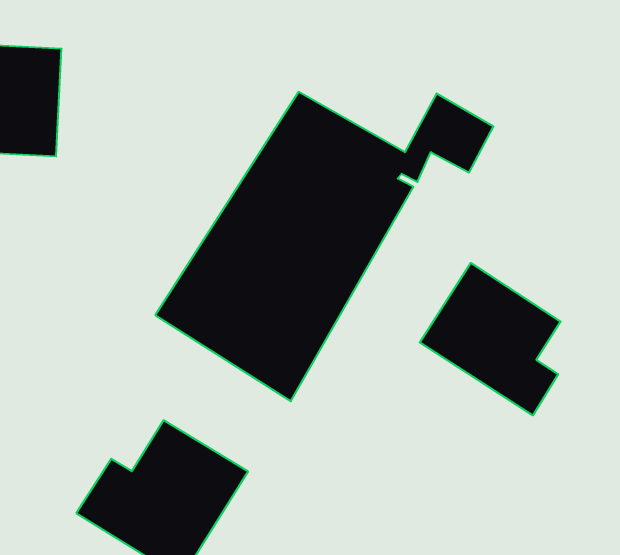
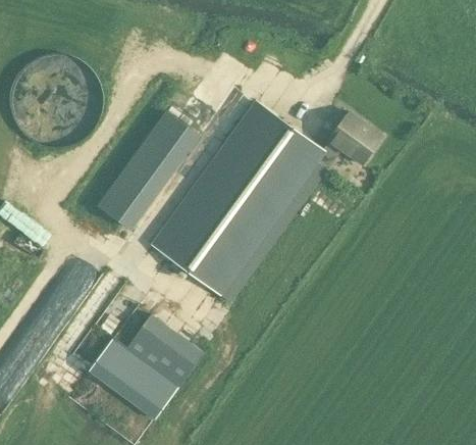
building: none -> [94,112,197,232]
building: [420,263,561,415] -> none

